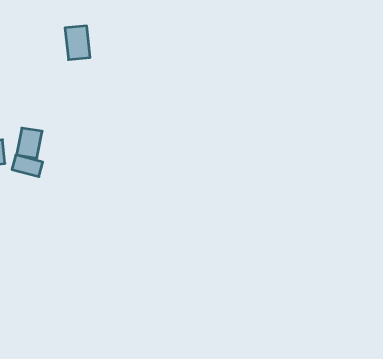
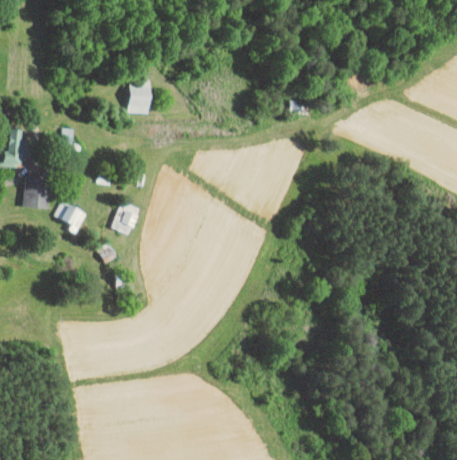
building: [17,128,42,158] -> [111,203,140,235]

